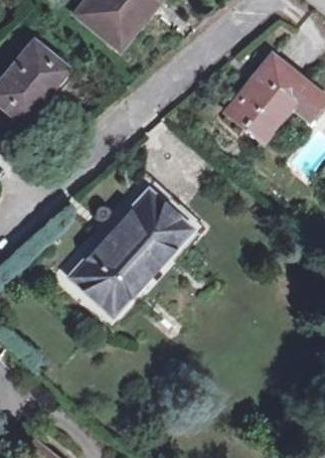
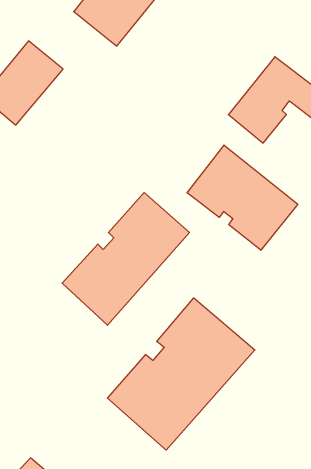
building: none -> [187,145,298,250]
building: none -> [107,298,255,450]

